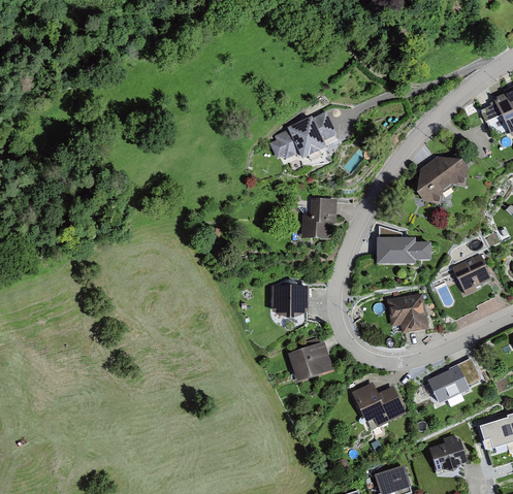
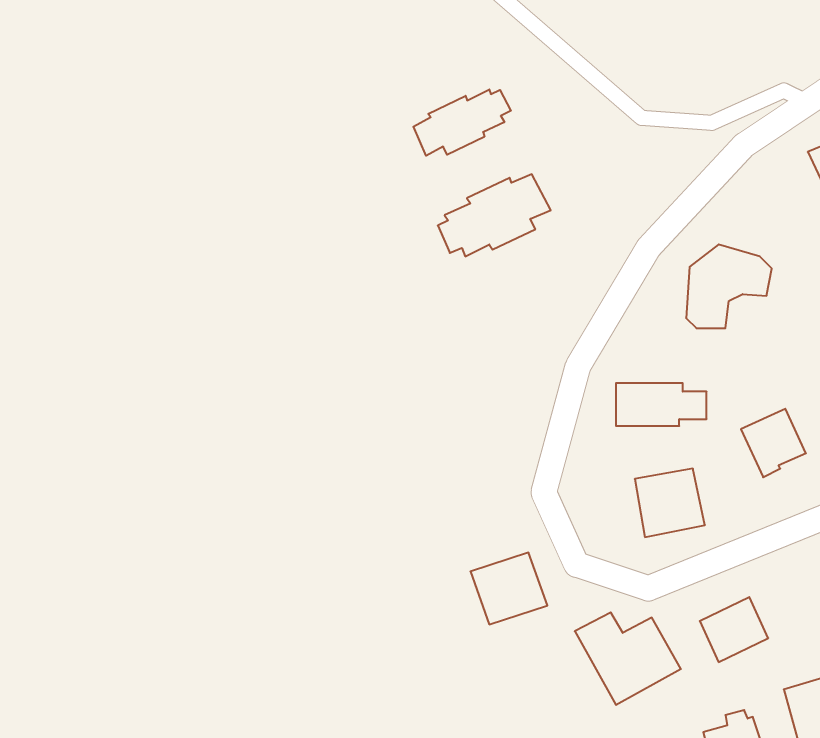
building: none -> [413,89,511,156]
building: [301,199,336,237] -> none
building: [271,287,309,320] -> none

